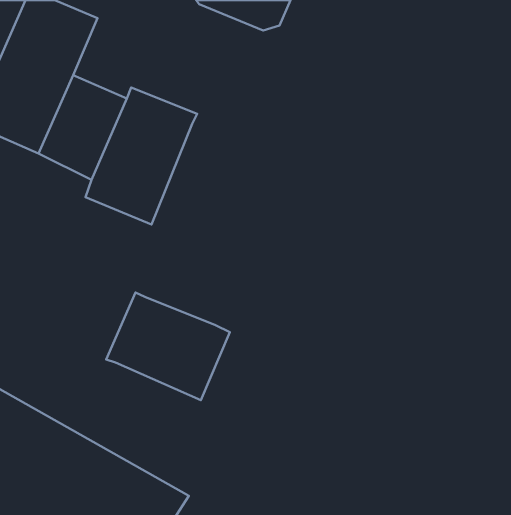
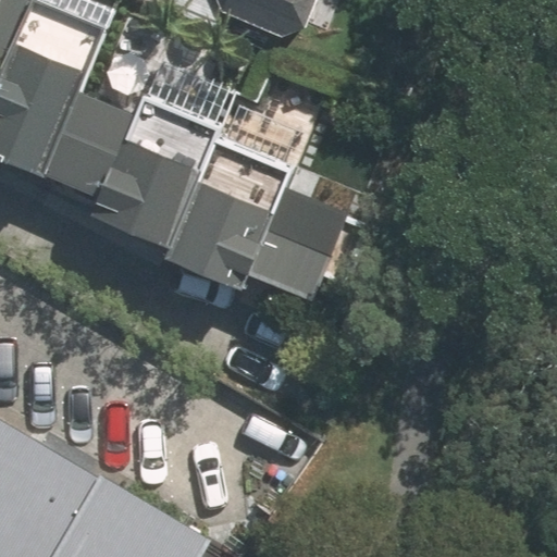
building: none -> [158,137,348,304]
building: [106,292,230,400] -> none

